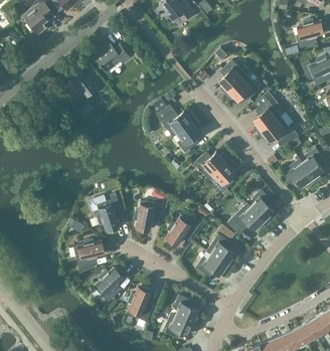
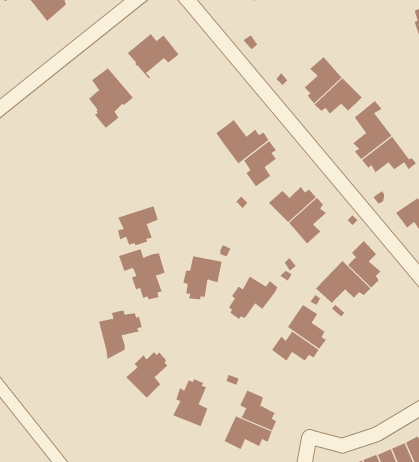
building: none -> [117,205,159,246]

